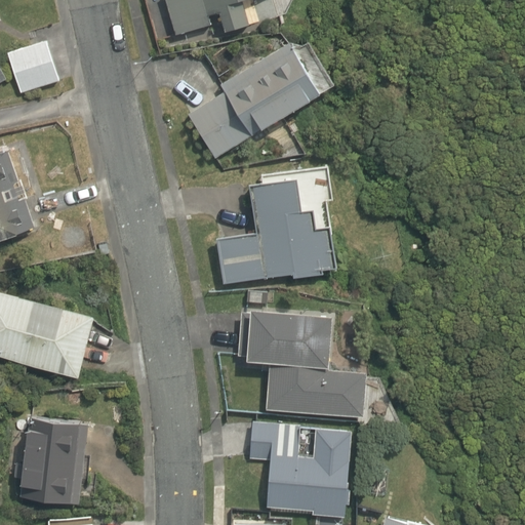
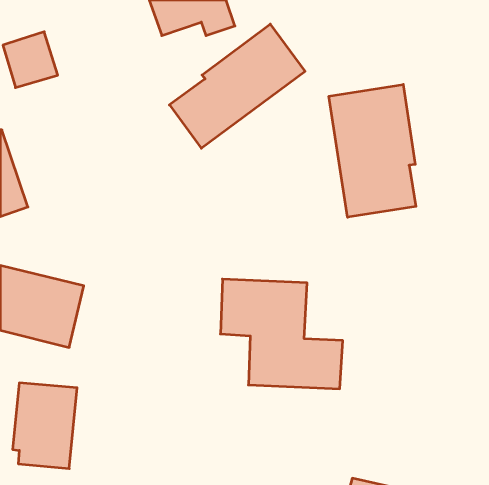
building: none -> [329,84,416,217]
building: [217,164,337,287] -> none
building: [251,422,354,520] -> none

